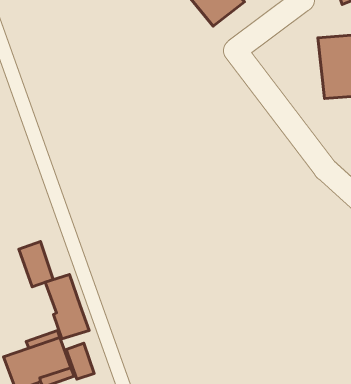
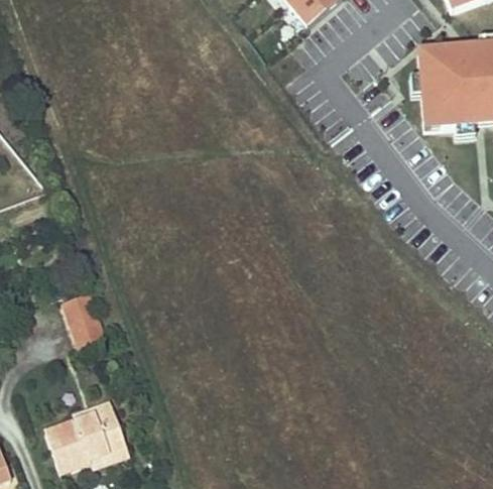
building: [45,274,89,339] -> none
building: [66,343,94,379] -> none

